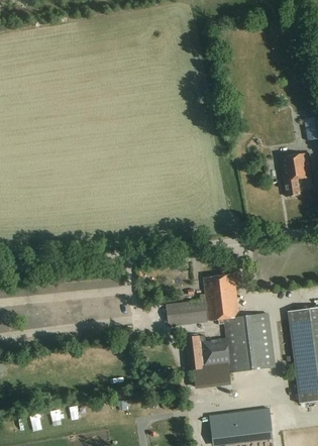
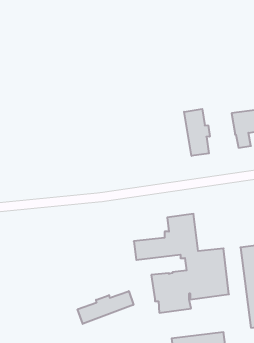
building: none -> [184,109,210,156]
building: none -> [78,291,133,324]

